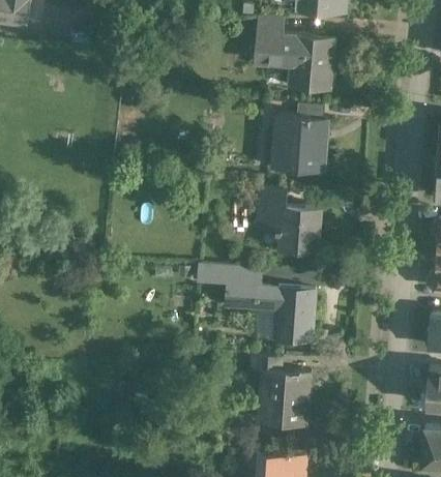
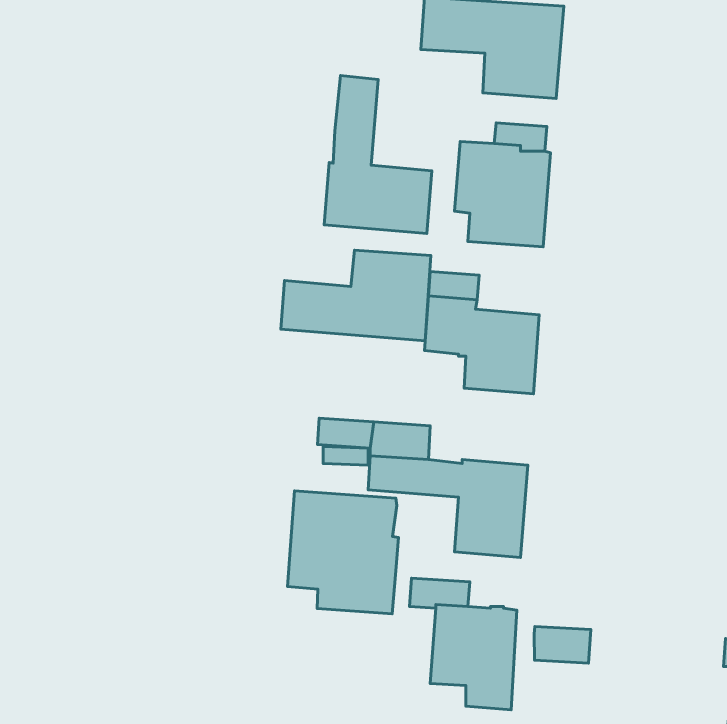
building: none -> [324,76,432,234]
building: none -> [281,250,431,341]
building: none -> [287,491,399,614]
building: none -> [534,626,591,663]

